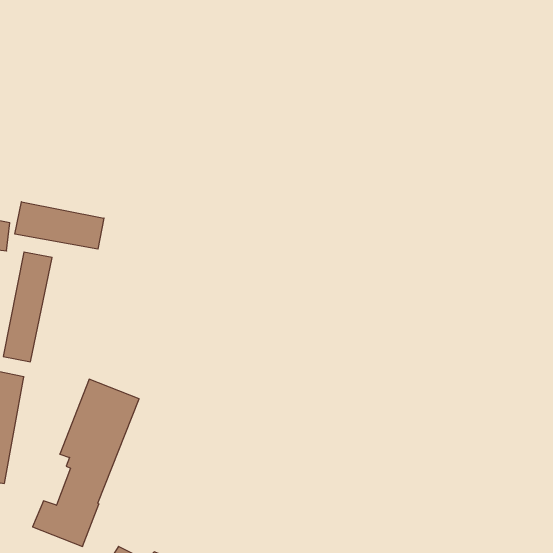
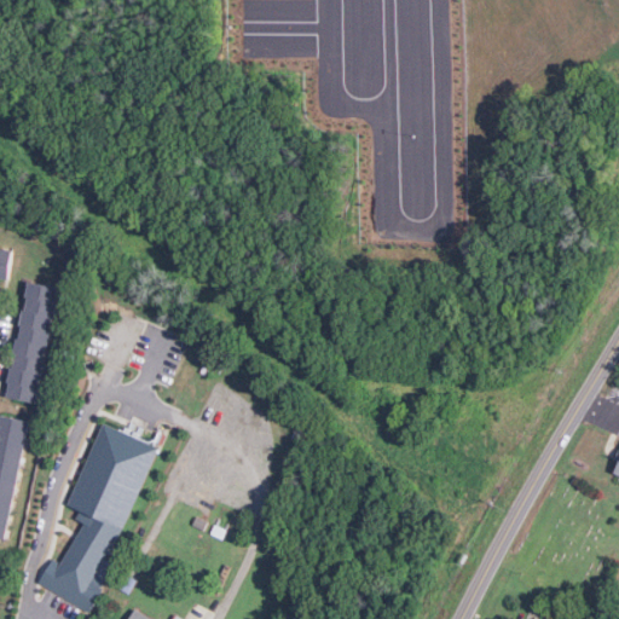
building: [15,202,104,249] -> none

